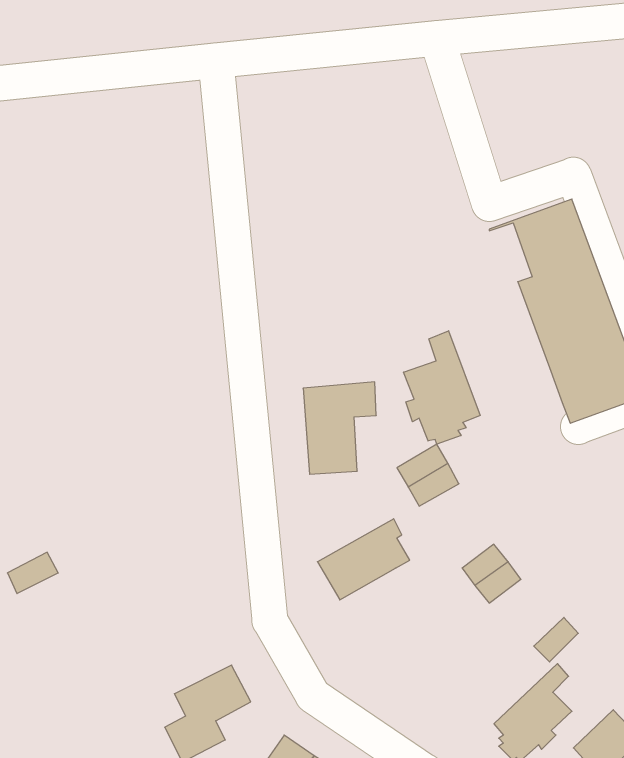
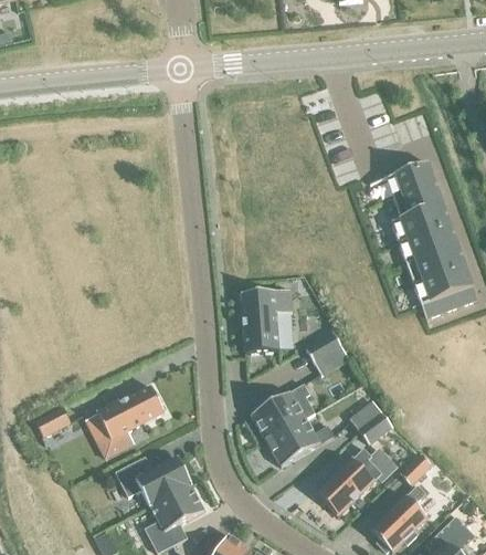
building: [404,331,480,444] -> none
building: none -> [96,386,165,458]
building: none -> [266,418,334,467]
building: none -> [317,447,382,515]
building: none -> [115,457,192,506]

